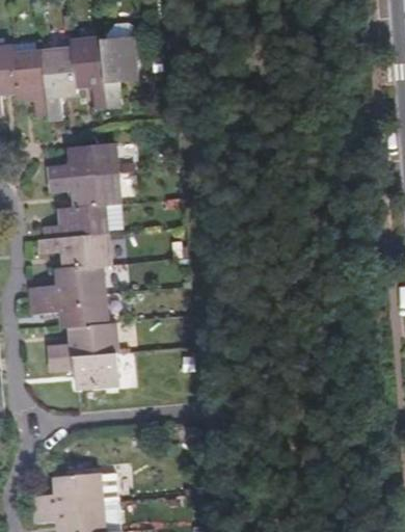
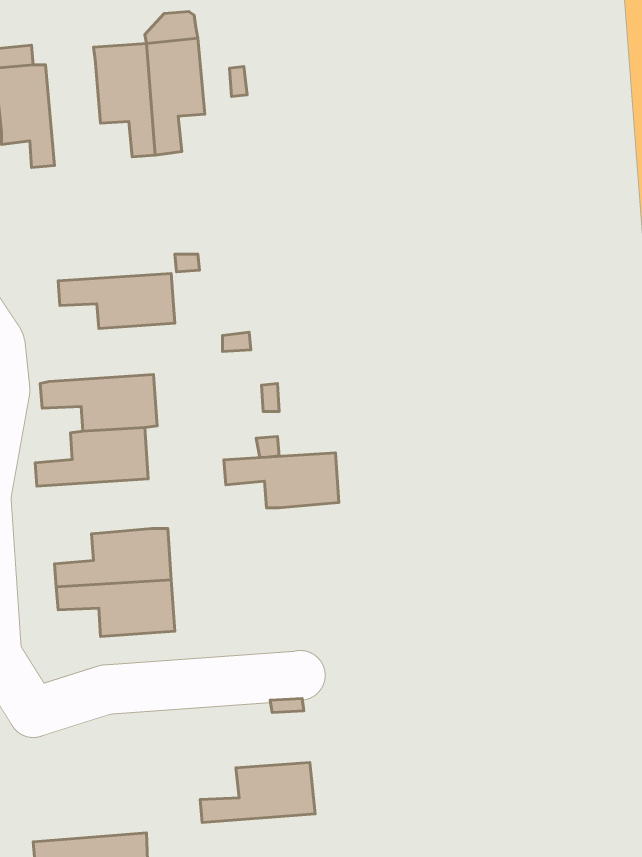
building: [44,49,77,117] -> none
building: [50,143,117,179] -> none
building: [45,204,122,238] -> none
building: [38,295,106,327] -> [224,453,339,508]
building: [35,473,103,508] -> [200,762,315,823]

